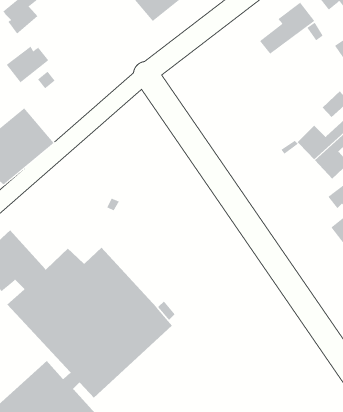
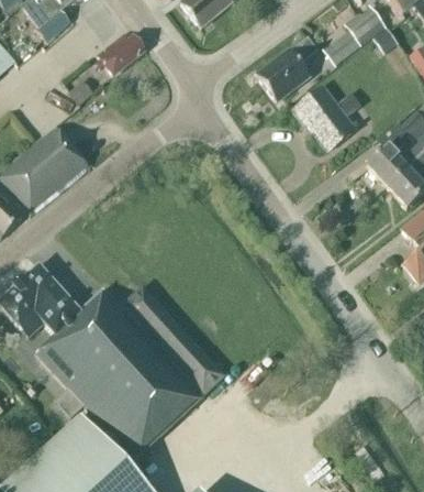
building: none -> [257,36,317,100]
building: [6,46,49,83] -> [97,32,146,75]
building: none -> [294,87,362,150]

